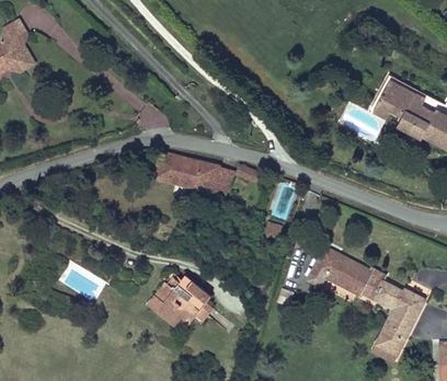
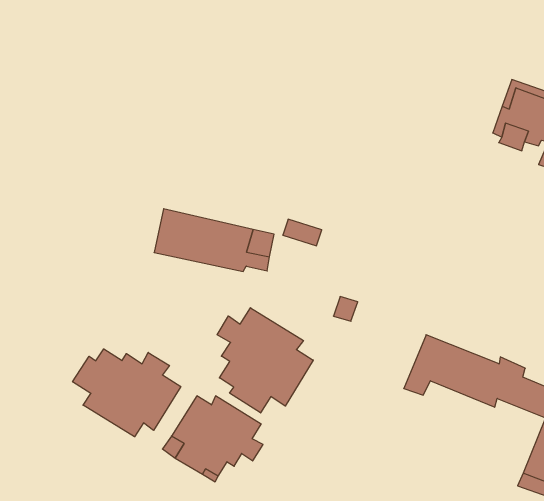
building: none -> [217,308,313,413]
building: none -> [73,349,181,437]

